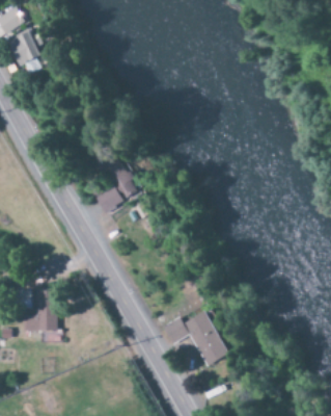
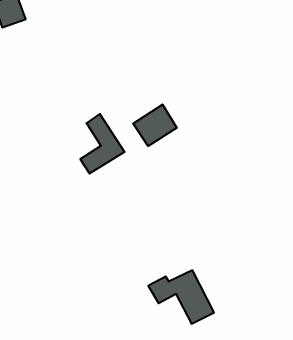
building: none -> [133,104,177,146]
building: [25,291,55,332] -> none

